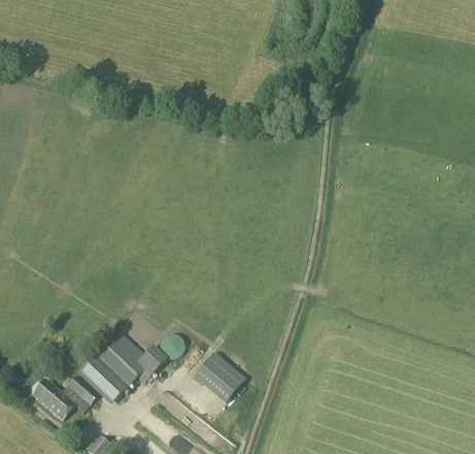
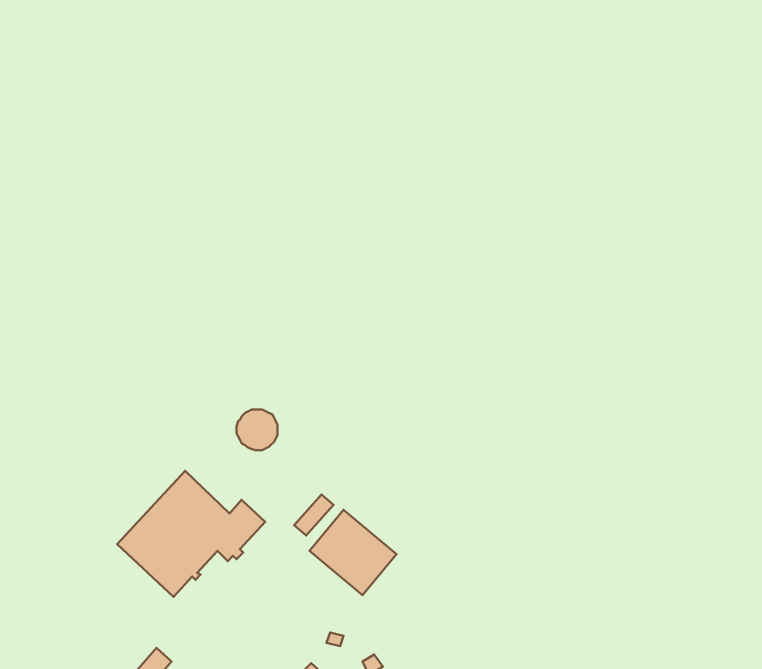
building: [159,333,183,358] -> [237,409,277,450]
building: [32,374,98,418] -> none

